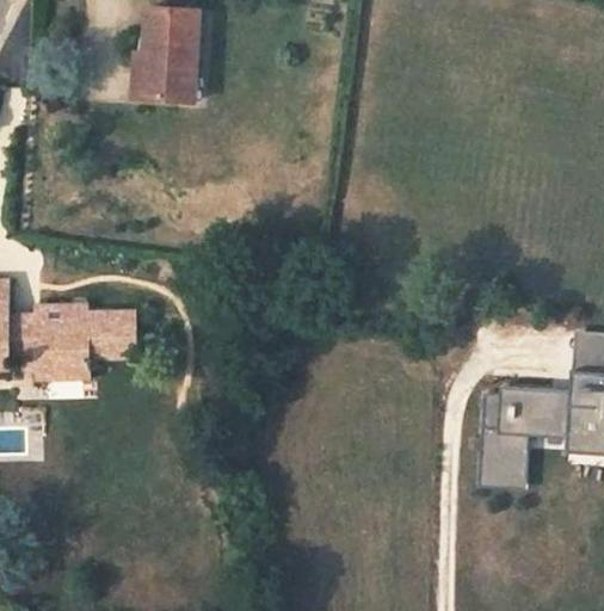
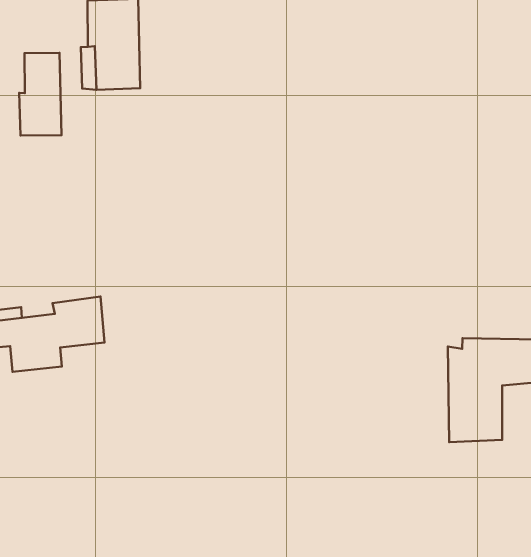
building: none -> [19,53,62,135]

